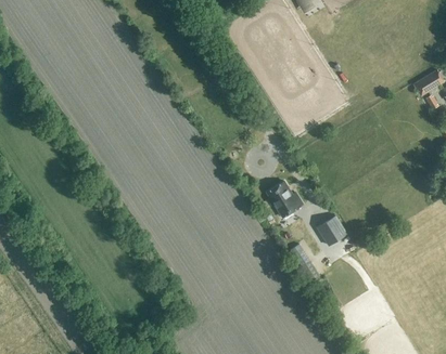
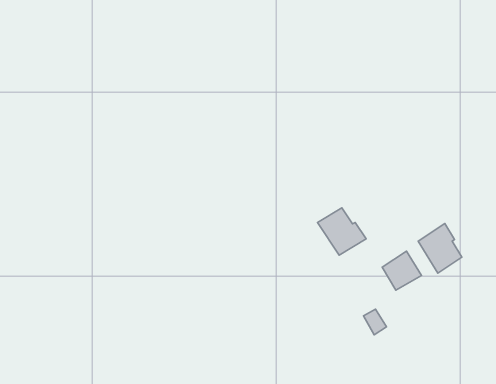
building: none -> [418,223,462,273]

